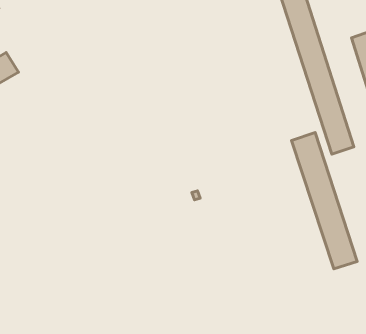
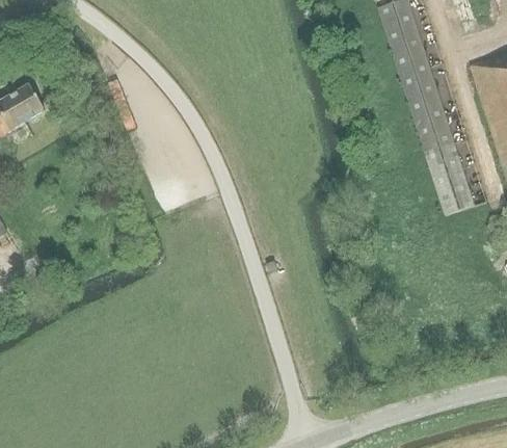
building: [291,133,357,269] -> none

